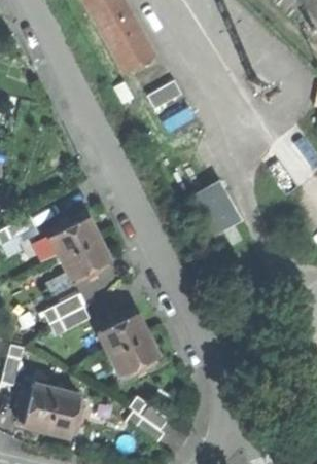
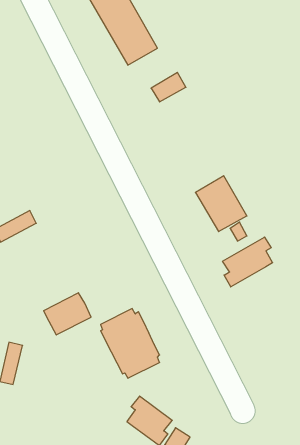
building: [49,214,108,282] -> none
building: none -> [223,237,273,287]
building: [17,384,83,435] -> none

